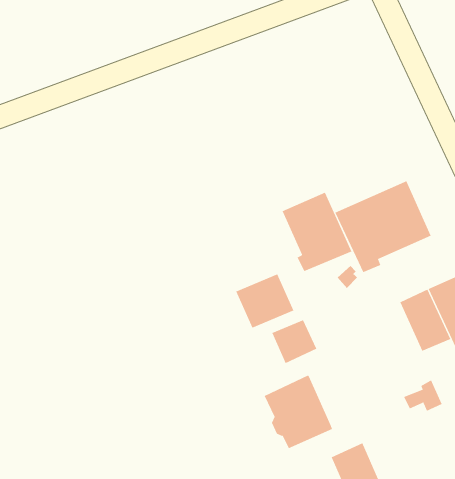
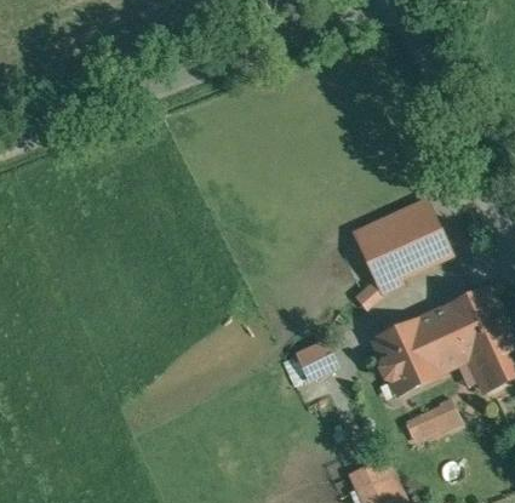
building: [282,192,352,272] -> none
building: [236,274,294,328] -> none
building: [264,375,333,449] -> [372,321,440,394]

